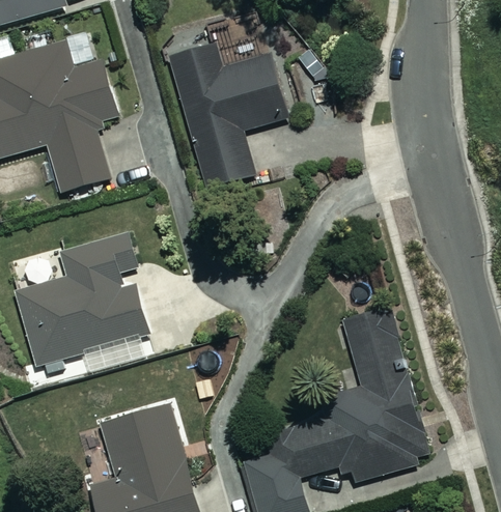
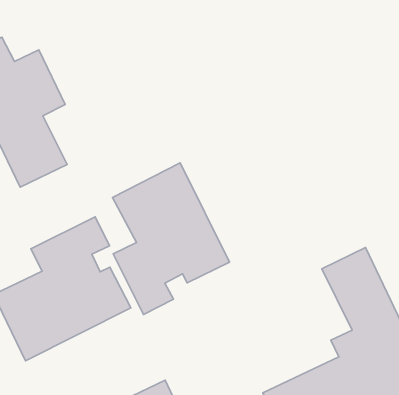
building: [169,44,287,187] -> none
building: none -> [113,163,230,314]

